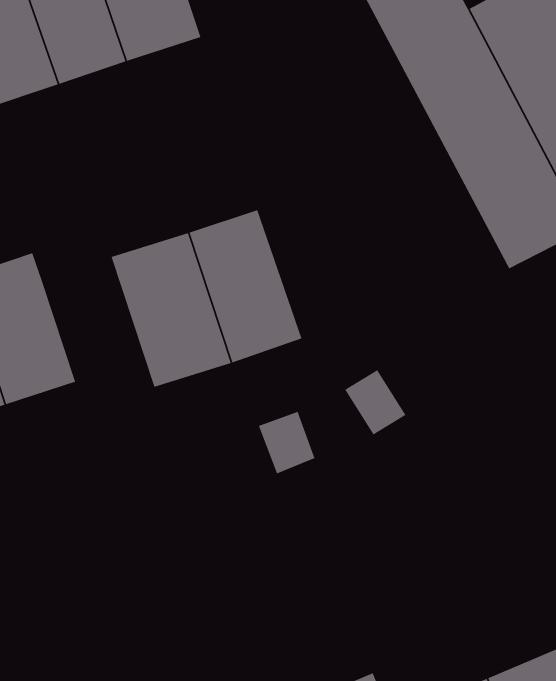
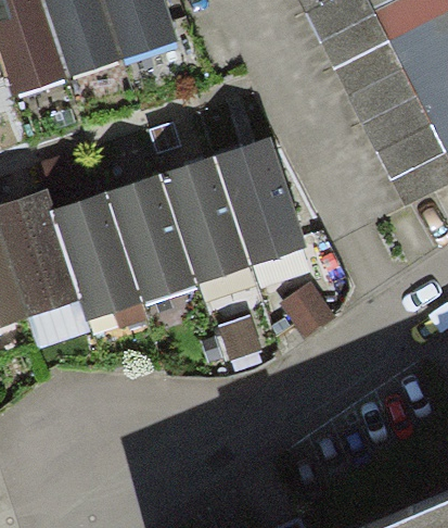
building: none -> [218,142,306,259]
building: none -> [56,197,140,313]

